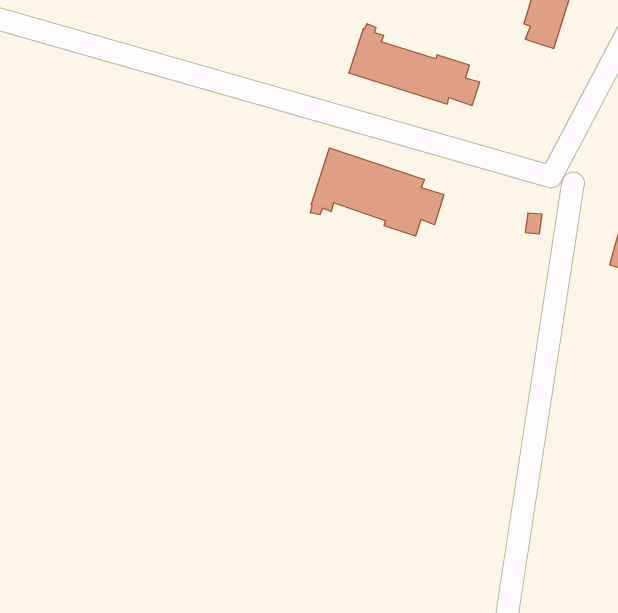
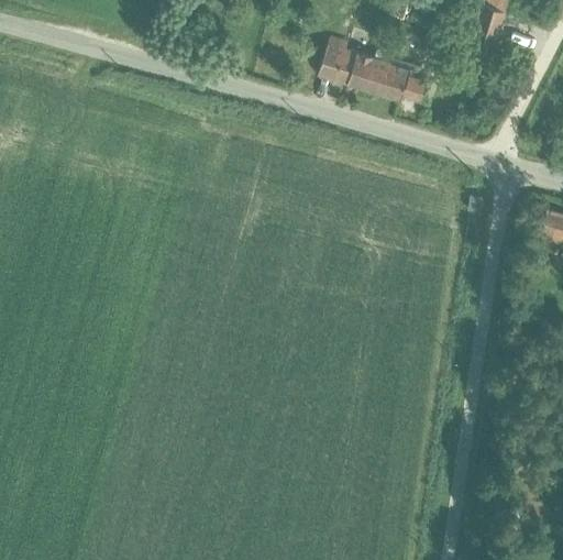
building: [311,148,444,236] -> none

